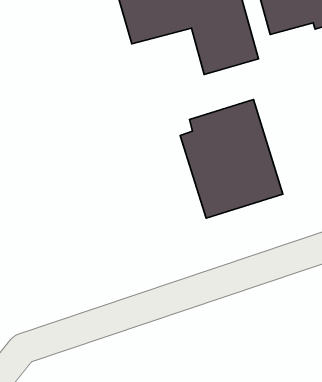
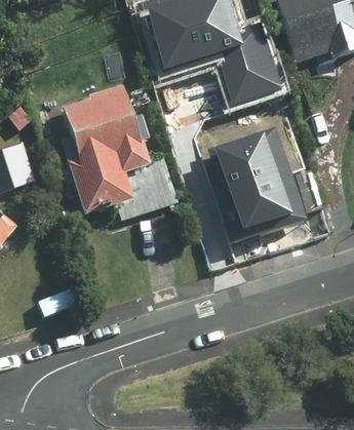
building: none -> [58,80,157,217]

